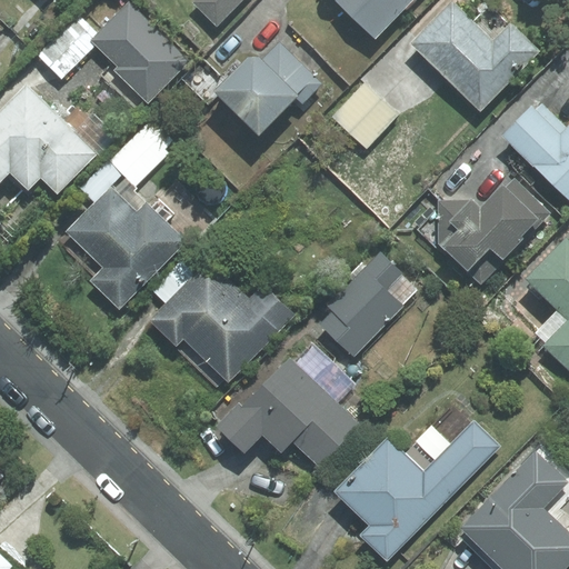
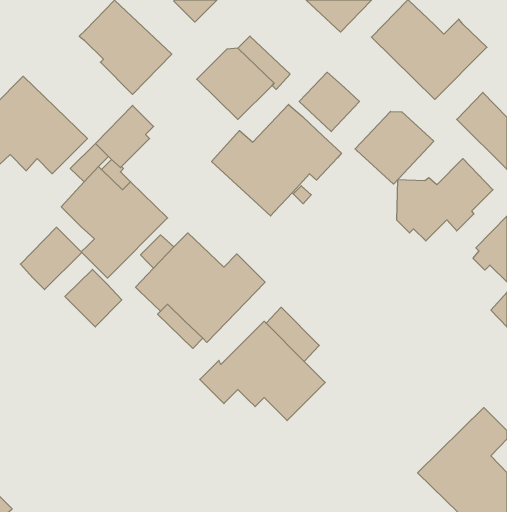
building: [38,18,94,79] -> none
building: none -> [212,104,341,216]
building: none -> [355,111,434,184]
building: [321,252,406,356] -> none
building: none -> [20,227,82,290]
building: none -> [65,269,122,327]
building: [338,421,498,560] -> none

